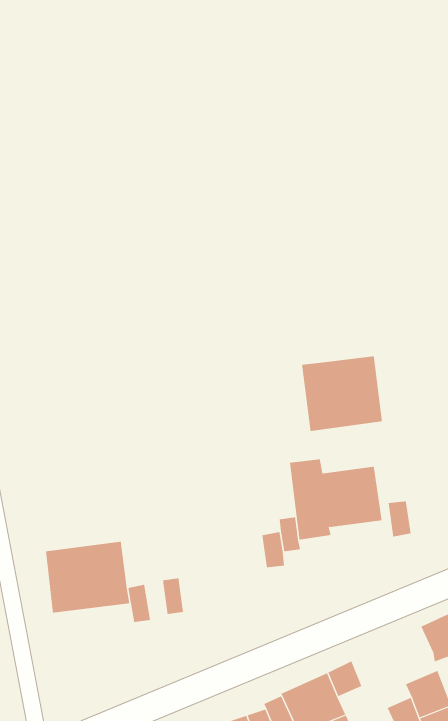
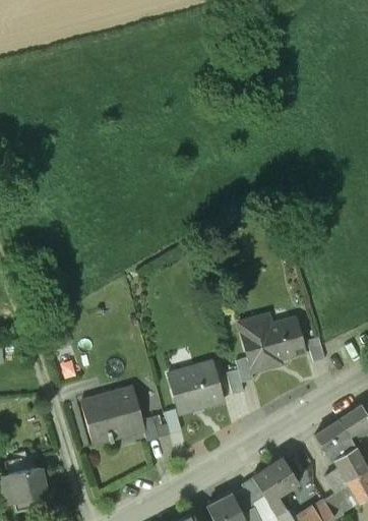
building: [301,355,382,432] -> none
building: none -> [168,360,223,413]
building: none -> [315,419,355,461]

